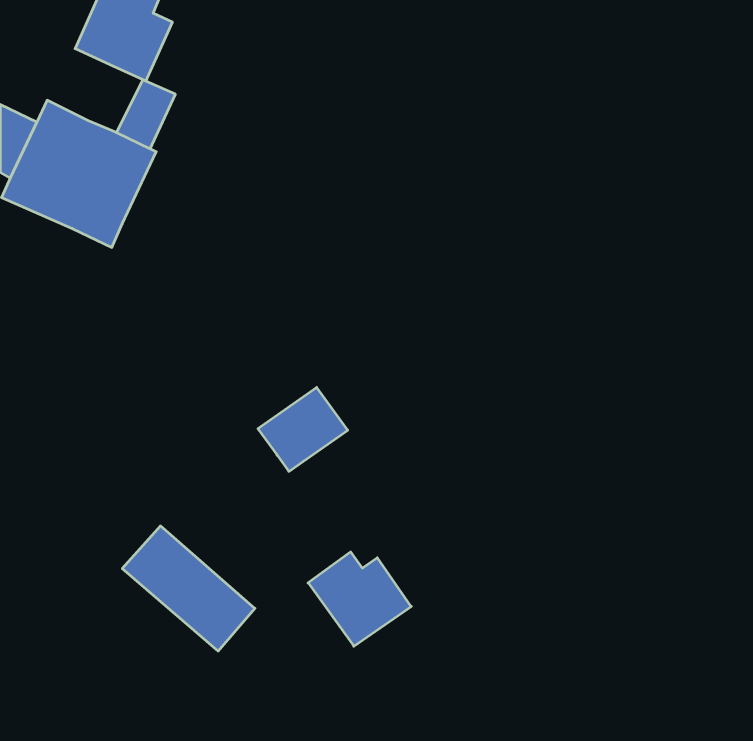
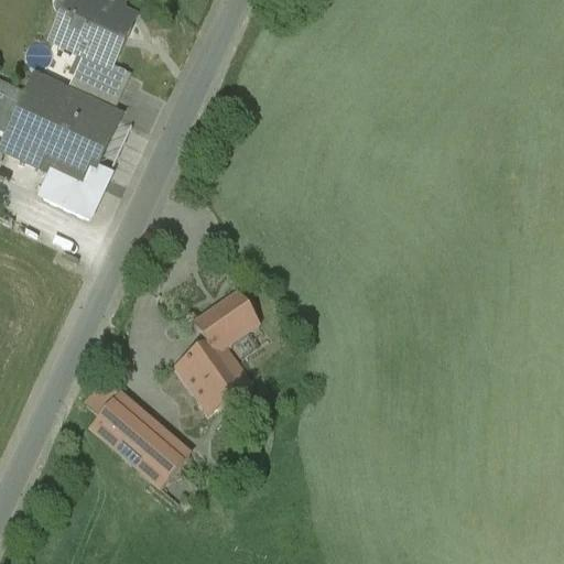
building: none -> [66,50,107,99]
building: none -> [43,167,108,216]
building: [308,552,411,646] -> [175,340,252,411]

